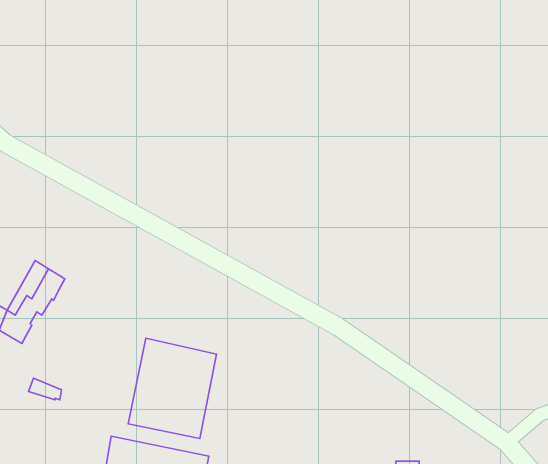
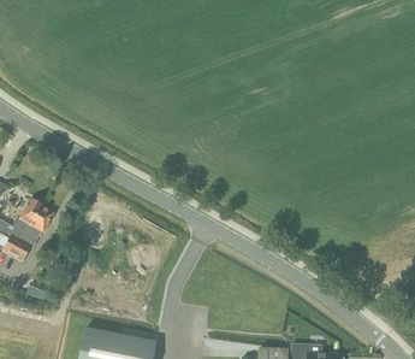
building: [128,338,216,438] -> none

